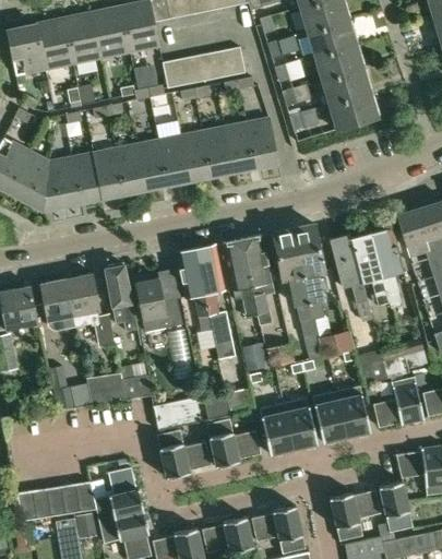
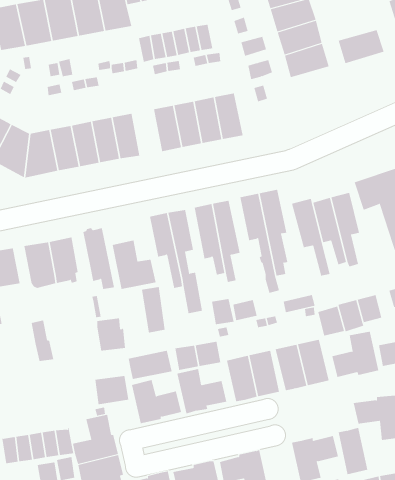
building: [327,92,378,129] -> [338,29,384,64]
building: [157,138,189,188] -> none
building: [86,372,123,404] -> [95,376,129,405]

